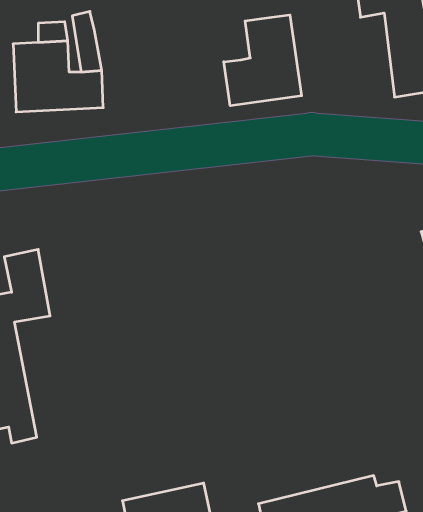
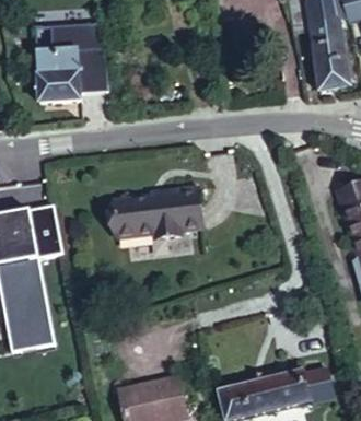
building: [224,15,302,106] -> none
building: none -> [113,186,203,237]

